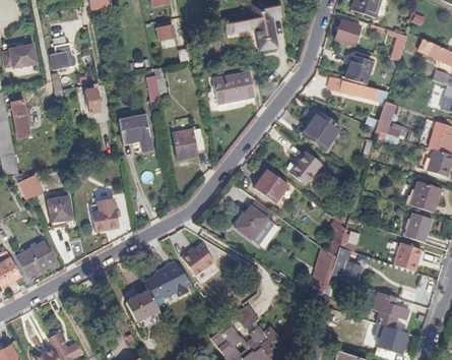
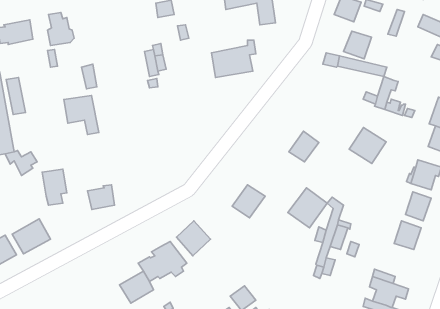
building: [302,113,338,148] -> [349,127,386,163]
building: [120,117,154,156] -> [64,95,99,135]
building: [175,127,205,156] -> none
building: [248,170,286,209] -> [288,188,327,228]

